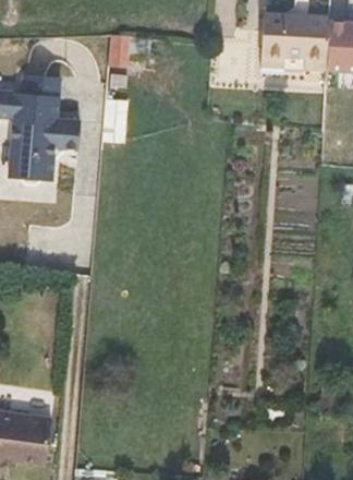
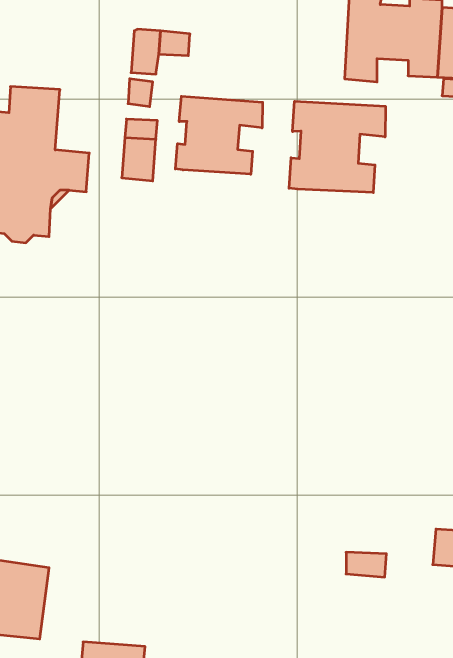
building: none -> [175,96,263,174]
building: none -> [289,101,385,193]

